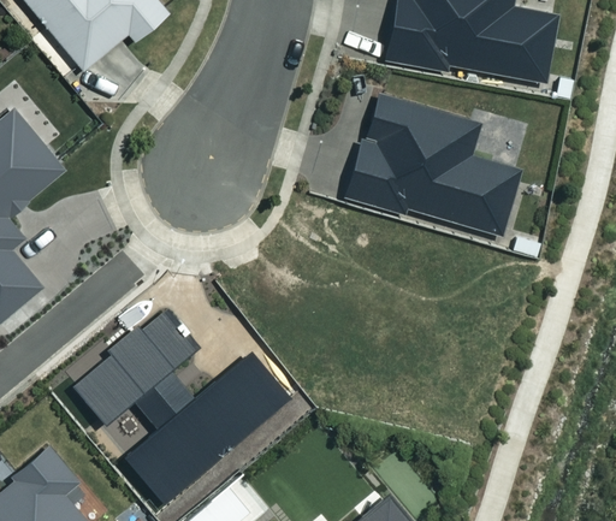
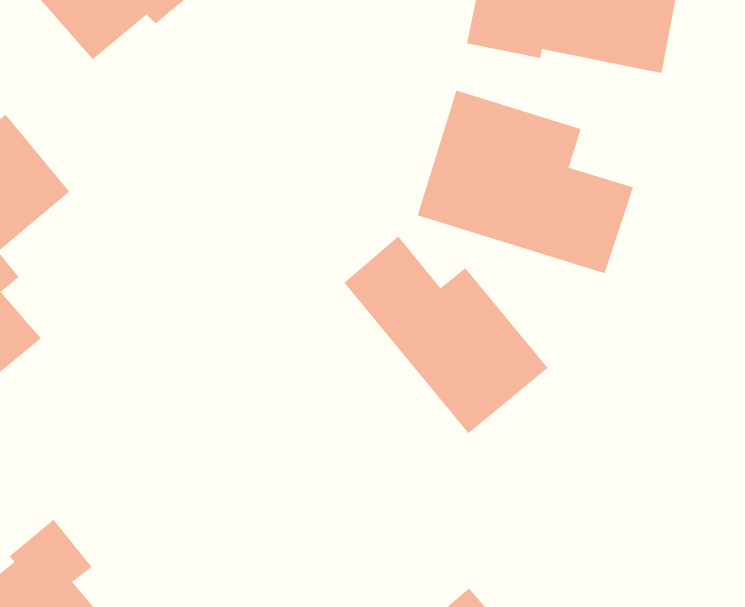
building: none -> [344,236,548,434]
building: [76,302,295,498] -> none

